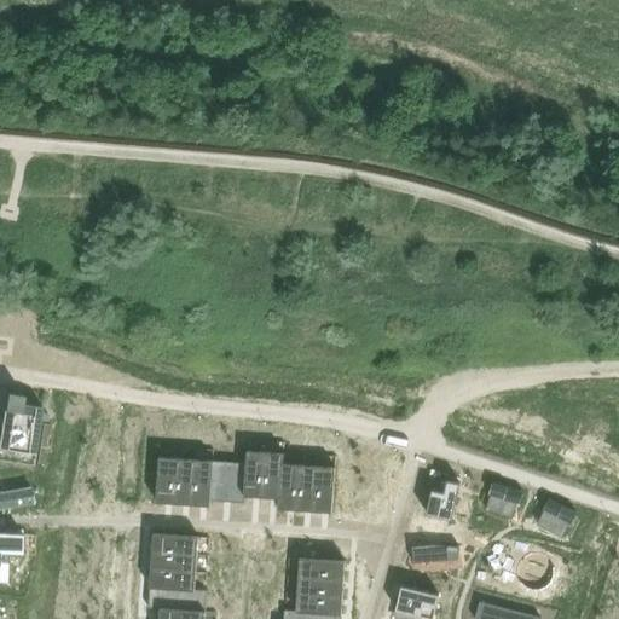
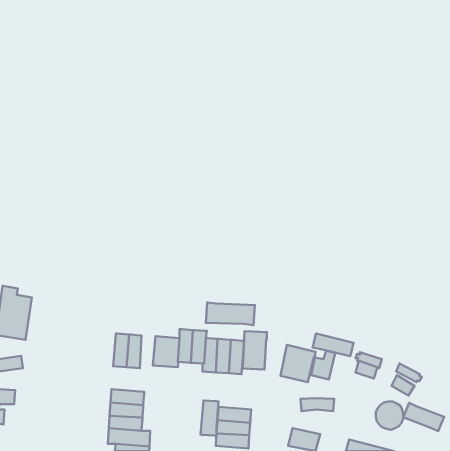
building: none -> [206,303,255,325]
building: none -> [243,331,267,370]
building: none -> [313,333,353,356]
building: [191,459,213,505] -> none
building: none -> [280,345,315,382]
building: none -> [200,400,219,436]
building: none -> [403,403,444,431]

